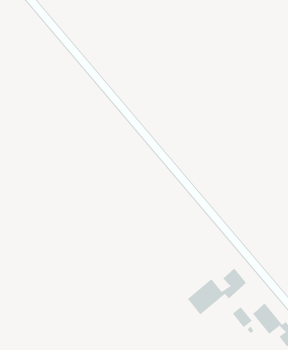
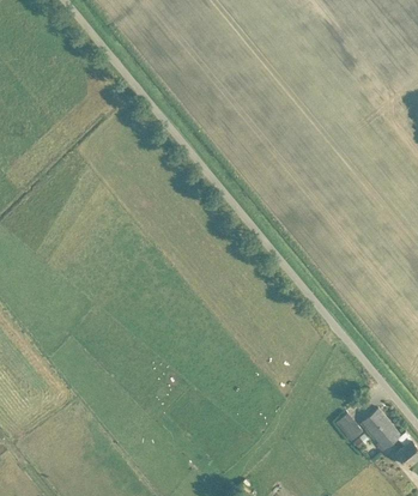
building: [187,268,247,315] -> none

